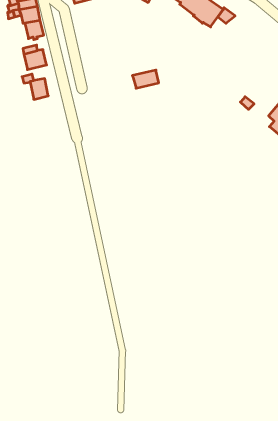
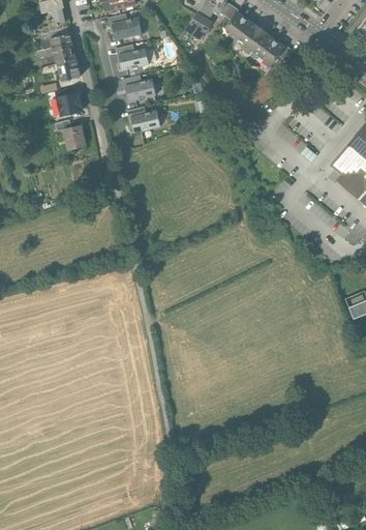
building: none -> [118,48,149,68]
building: none -> [126,79,155,99]
building: [132,70,159,88] -> [130,110,160,130]

